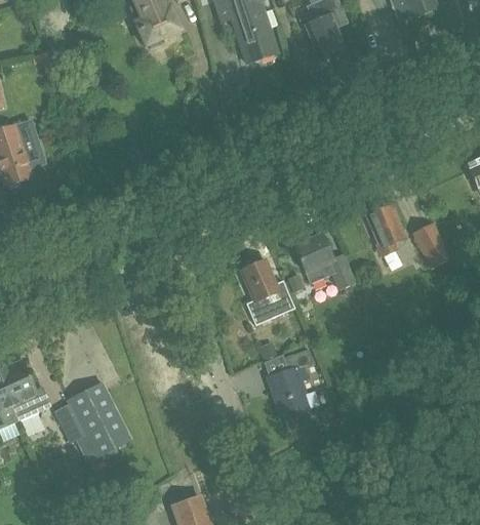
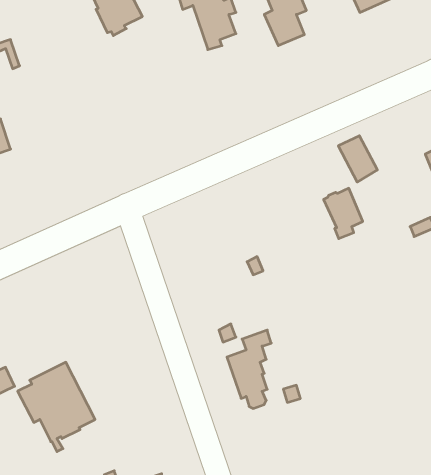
building: [411,221,451,269] -> [338,136,377,182]
building: [292,233,354,288] -> none
building: [239,258,294,324] -> none

